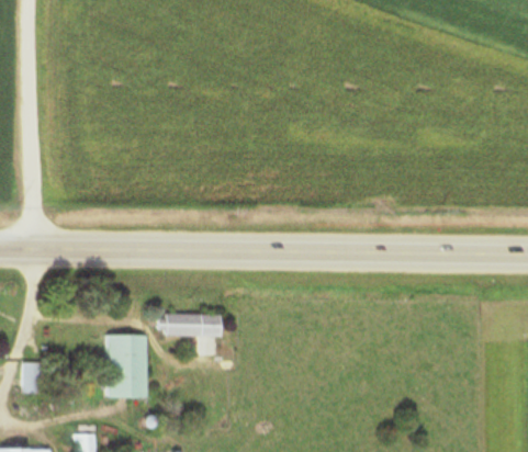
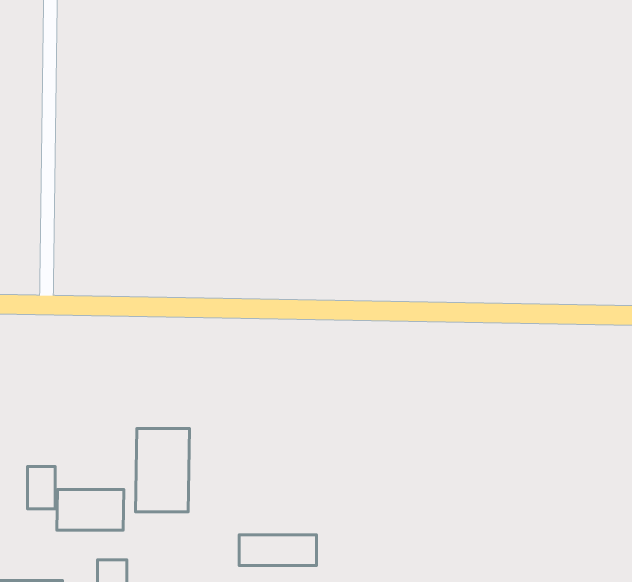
building: [160,313,218,336] -> [239,535,317,565]
building: none -> [57,490,124,530]

